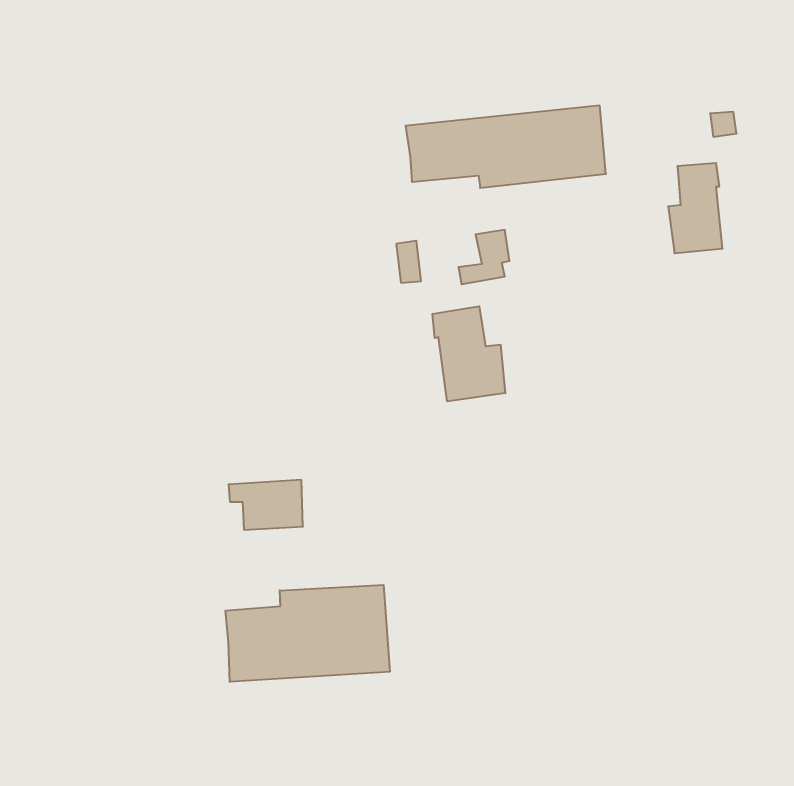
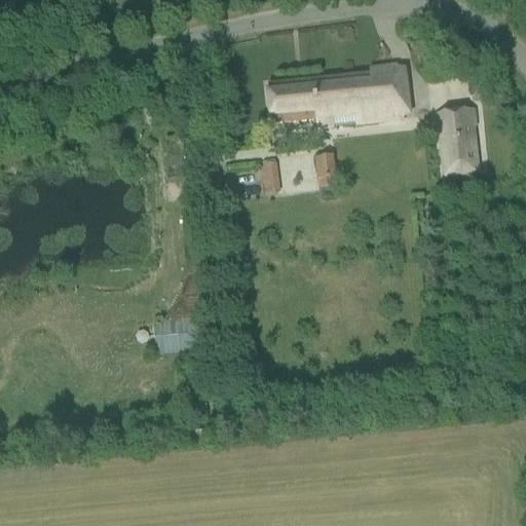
building: [433,306,505,401] -> none
building: [226,585,390,682] -> none

